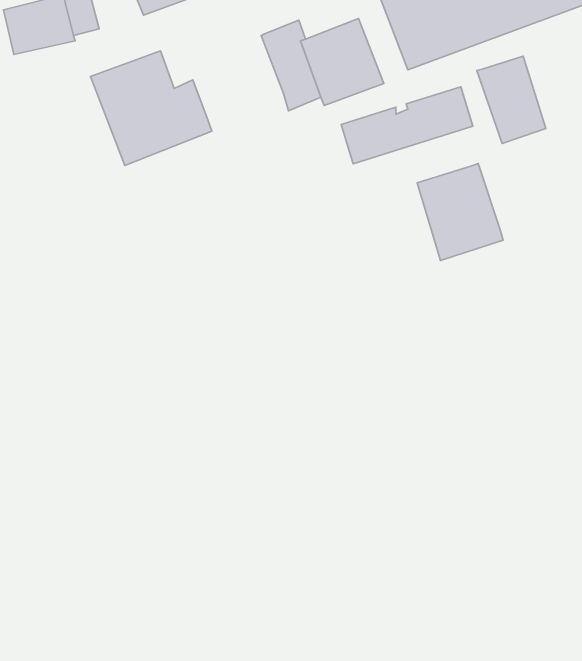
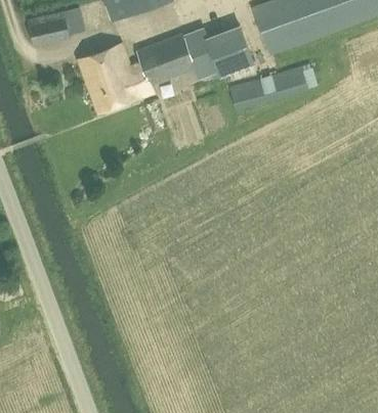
building: none -> [135,33,194,86]
building: [477,56,546,144] -> none
building: [417,164,503,261] -> none

